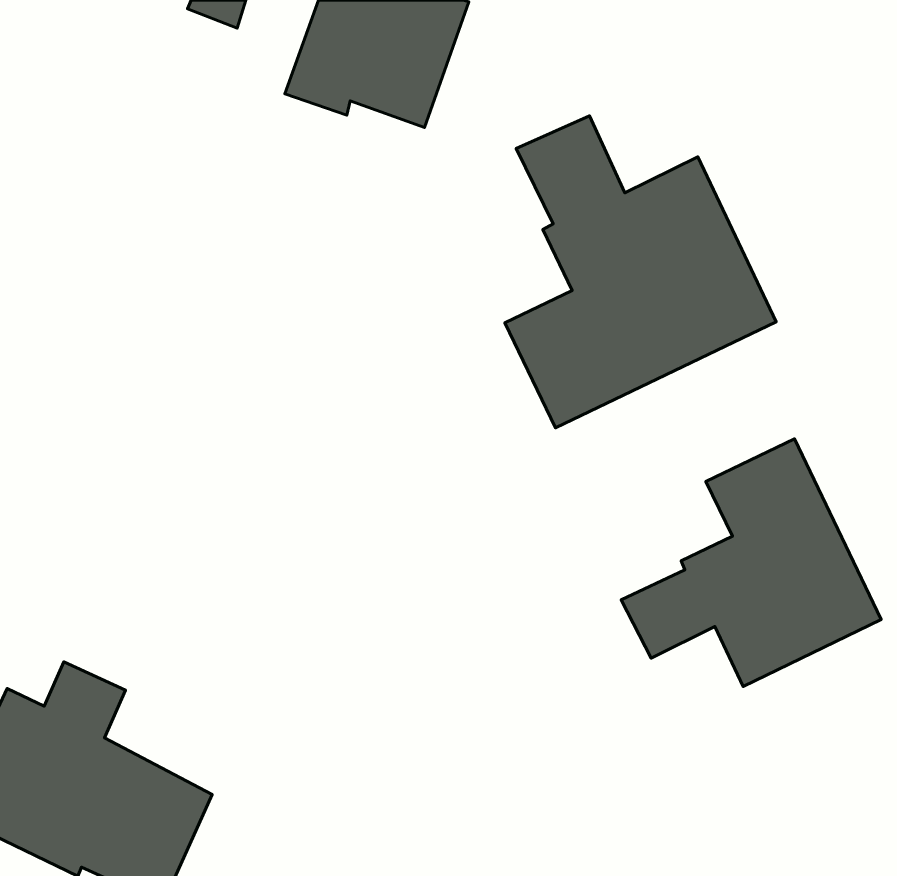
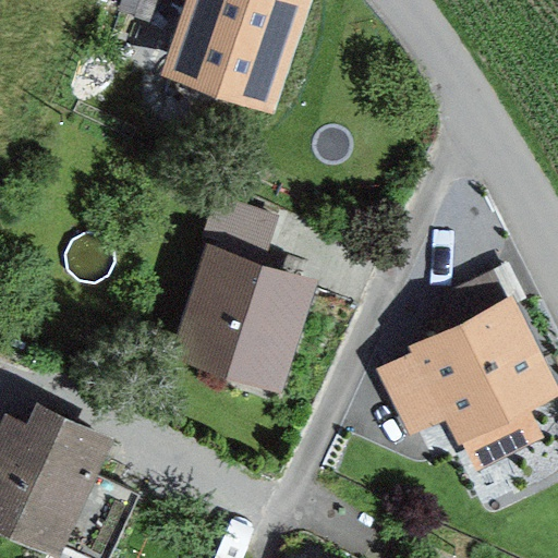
building: [505,116,776,428] -> none
building: none -> [184,218,296,377]

